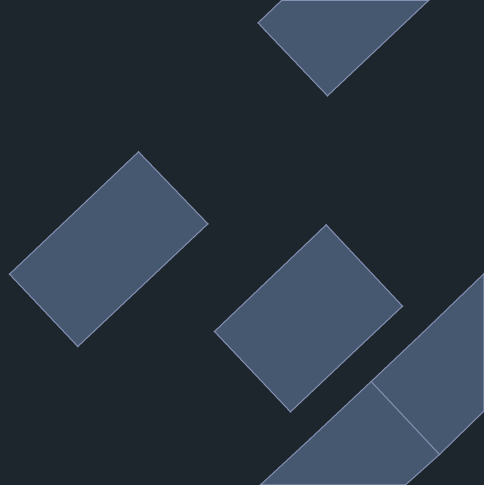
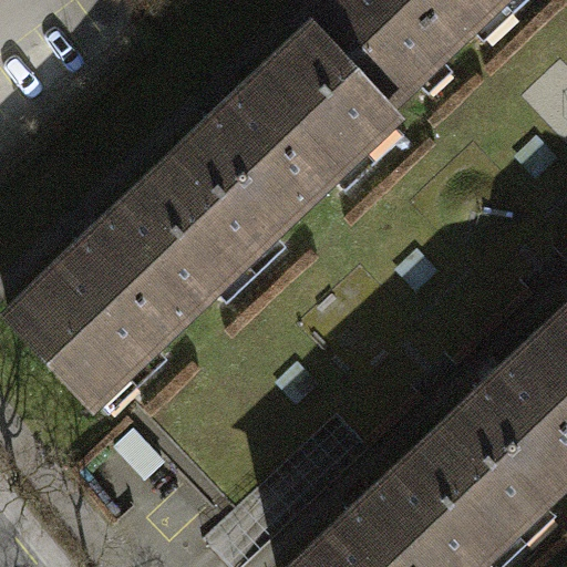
building: none -> [162,37,391,261]
building: [214,225,402,412] -> none

